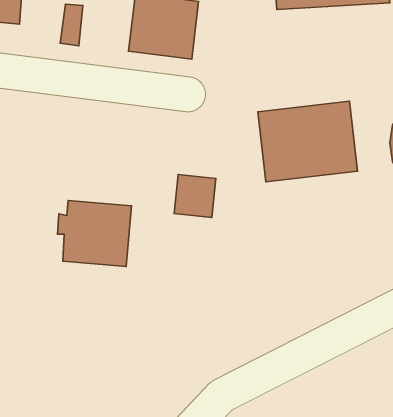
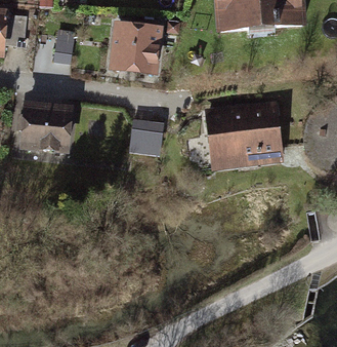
building: [174,175,216,218] -> [129,120,161,153]
building: [58,201,132,266] -> [14,100,71,150]

